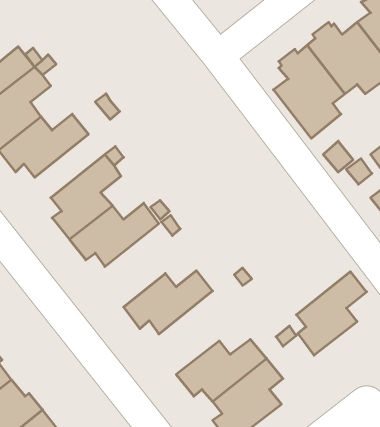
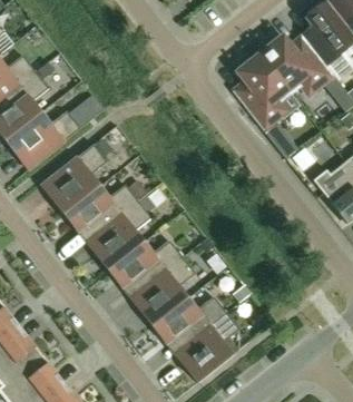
building: none -> [92,200,150,269]
building: [296,272,367,355] -> [137,256,195,325]

